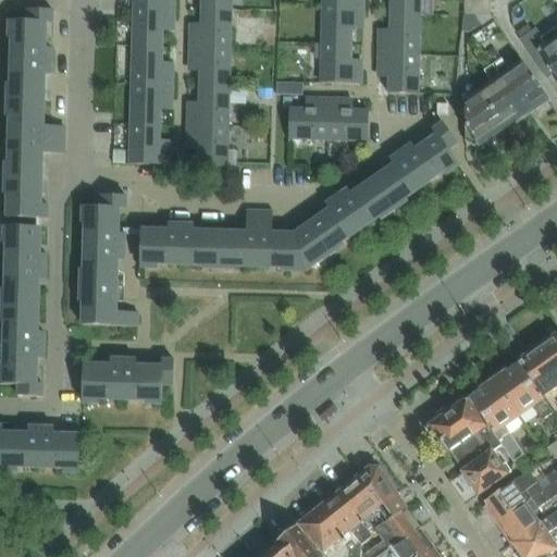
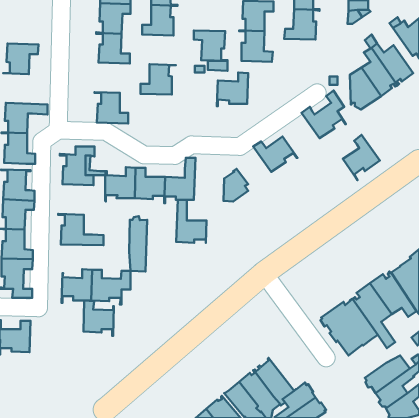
building: [7,8,52,59] -> none
building: [188,46,233,86] -> [194,30,228,61]
building: [376,51,421,91] -> none
building: [125,83,172,123] -> none
building: [4,97,64,138] -> none
building: [327,97,368,143] -> none
building: [186,124,231,164] -> none
building: [374,149,423,209] -> [343,135,380,180]
building: [313,194,359,244] -> none
building: [257,209,297,265] -> [176,200,207,243]
building: [77,244,124,284] -> none
building: none -> [129,216,147,272]
building: [39,424,79,471] -> [83,300,114,336]
building: [458,448,512,493] -> none
building: [356,466,404,517] -> none

